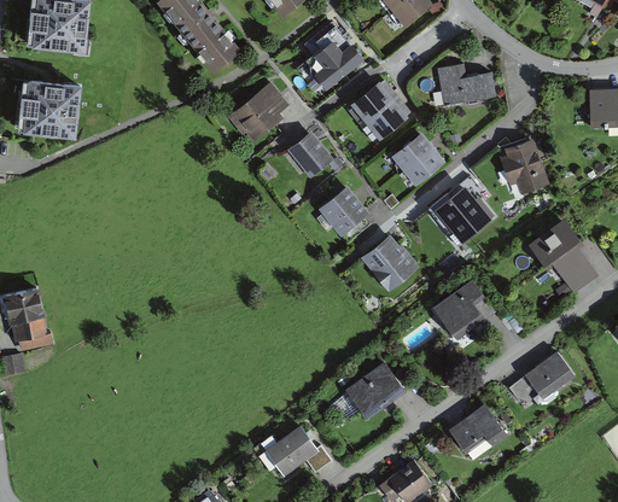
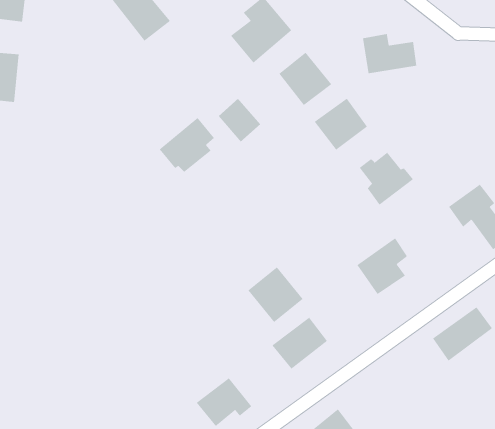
building: [228,84,287,142] -> [159,117,215,172]
building: [502,140,550,193] -> none
building: [316,186,368,237] -> none
building: [360,235,419,294] -> [247,267,304,323]
building: [445,403,508,457] -> none

